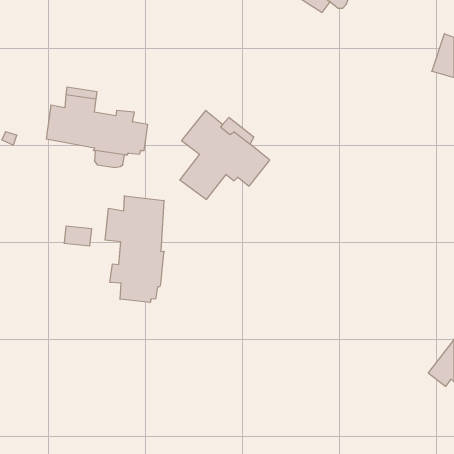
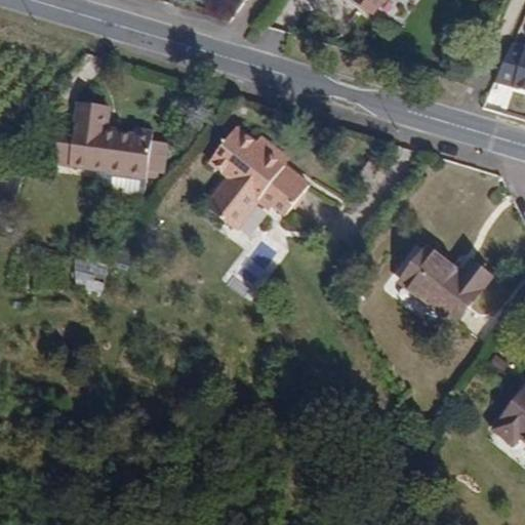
building: [105,196,164,303] -> none
building: none -> [400,246,492,324]

